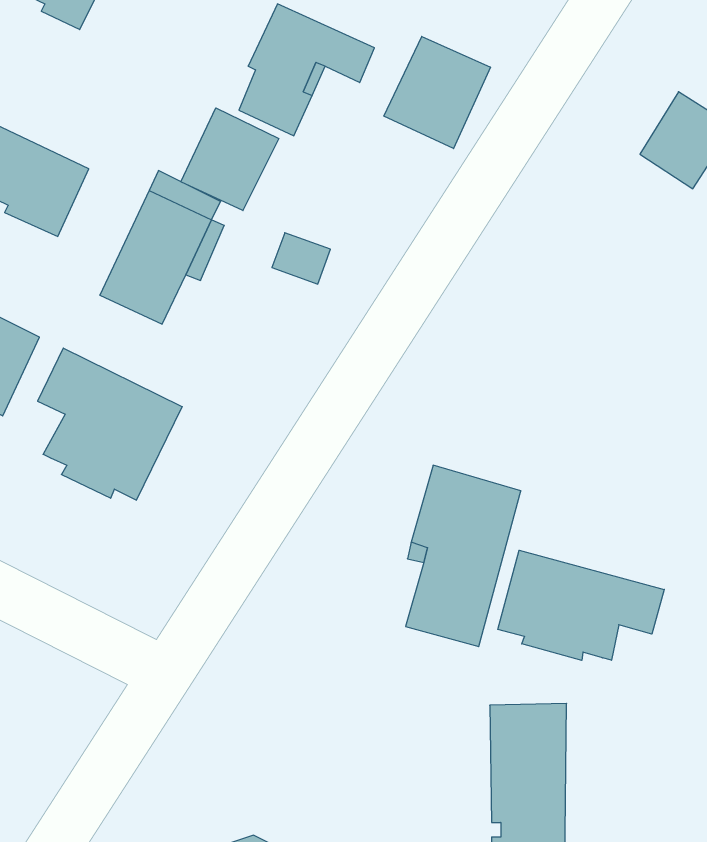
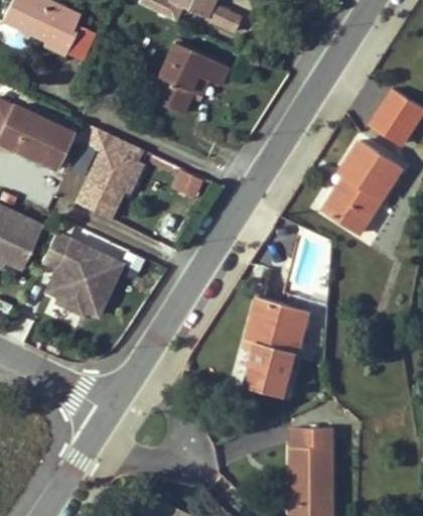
building: [384,36,490,149] -> none
building: [181,108,279,211] -> none
building: none -> [323,140,403,234]
building: [498,550,664,660] -> none

